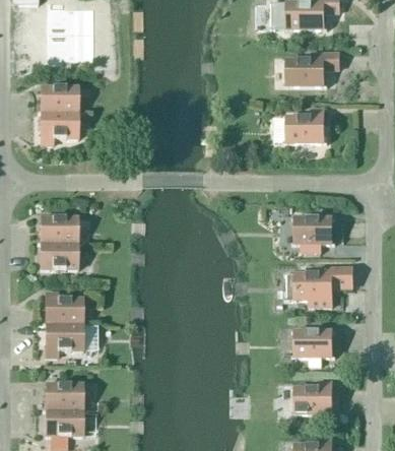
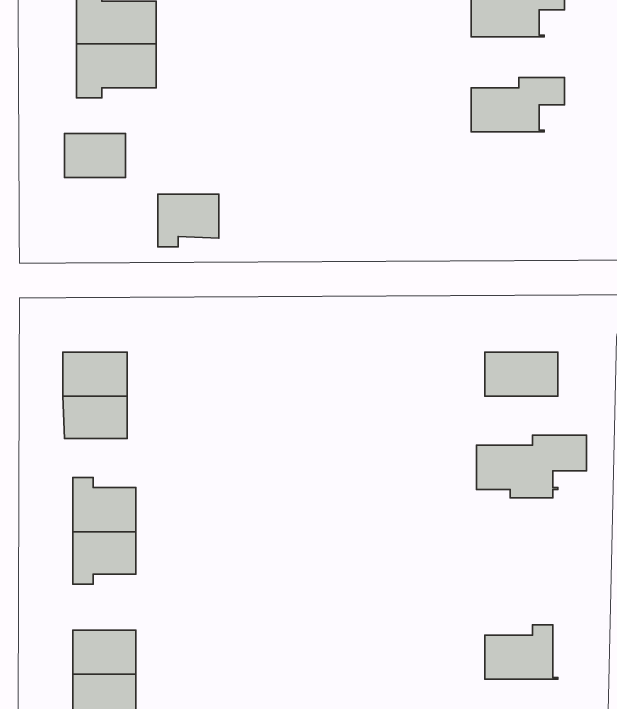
building: [273,107,328,142] -> none
building: [41,112,77,143] -> [158,194,219,247]
building: [292,329,336,356] -> none

